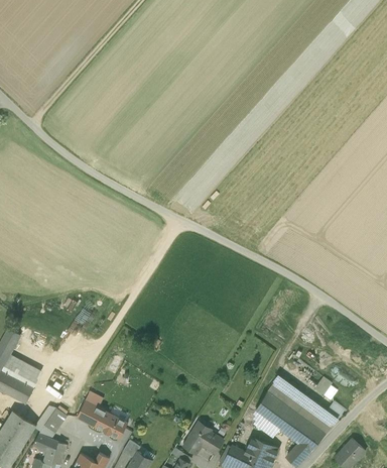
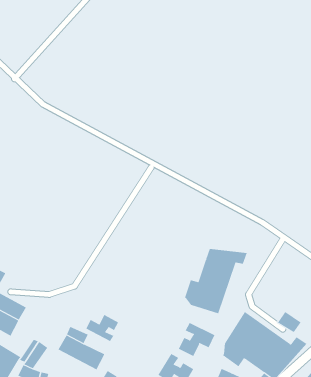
building: none -> [184,248,248,314]
building: none -> [85,314,119,342]
building: none -> [178,322,215,357]

